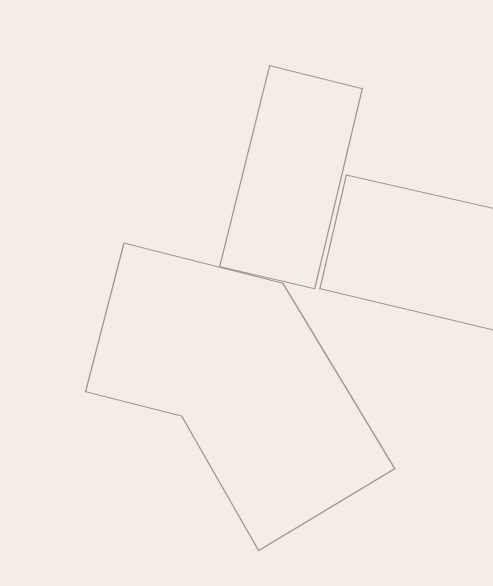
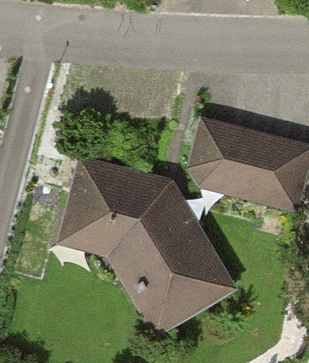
building: [220,66,362,289] -> none

